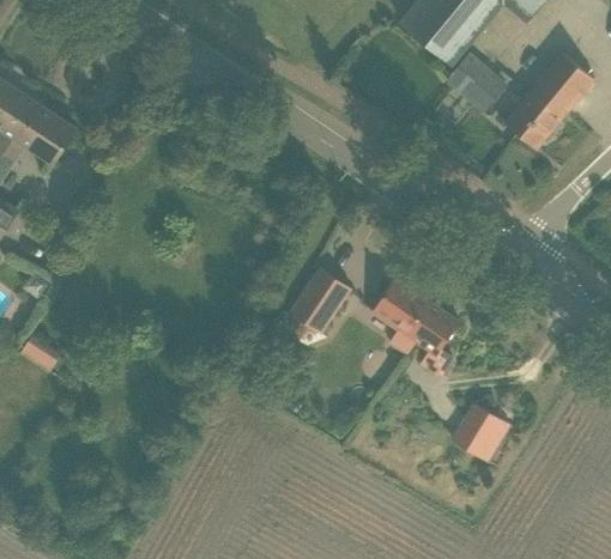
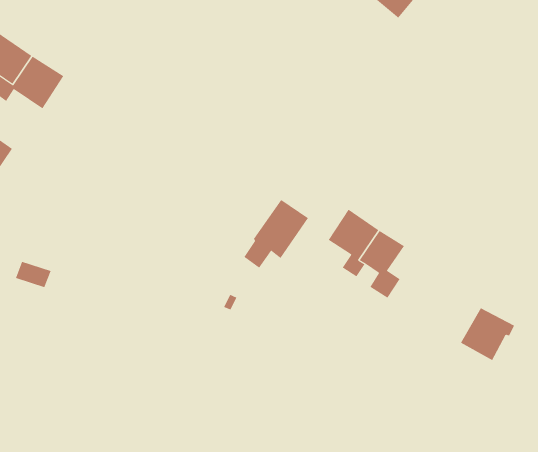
building: [506,51,595,147] -> none
building: [447,56,502,110] -> none
building: [450,402,512,462] -> [460,307,515,361]

